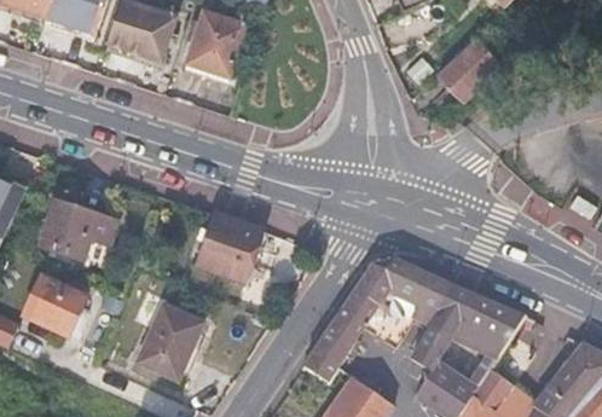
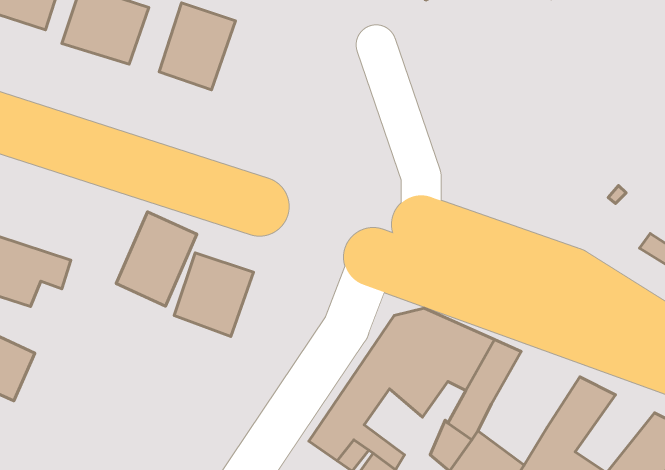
building: [434,37,497,102] -> none
building: [452,294,523,355] -> none
building: [135,302,201,378] -> [116,212,197,306]

